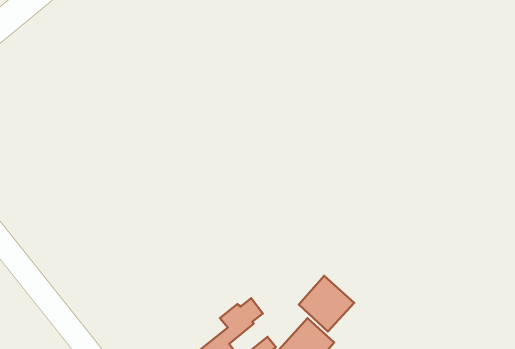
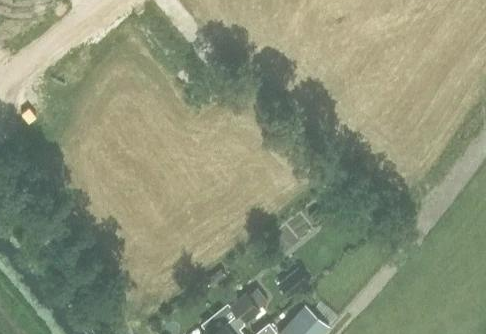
building: [299,276,354,332] -> none

